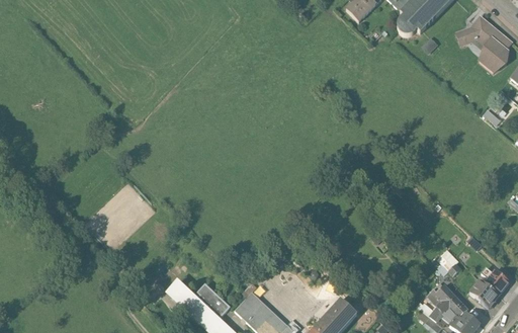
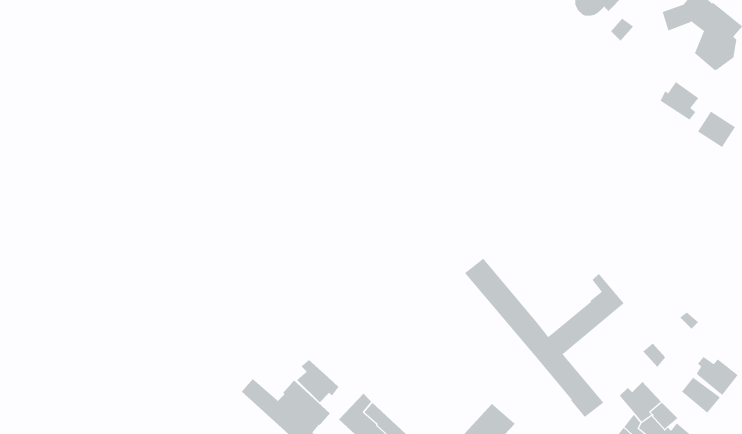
building: none -> [660,81,699,120]
building: none -> [464,258,624,418]
building: none -> [296,359,339,403]

